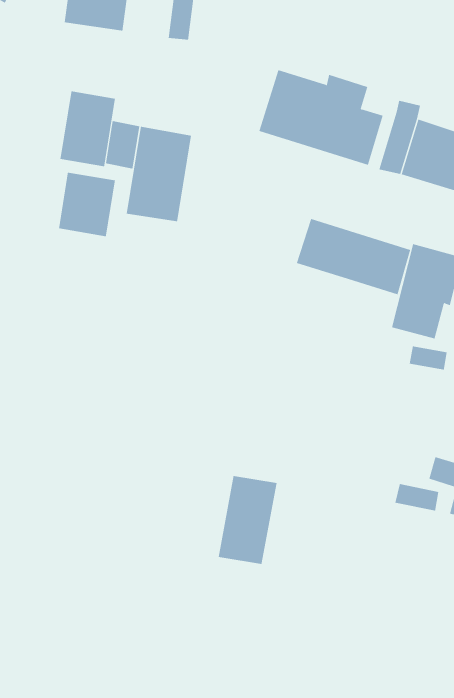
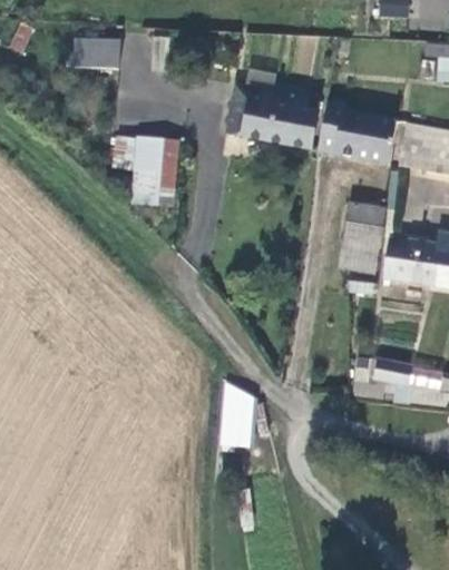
building: [60,91,116,167] -> none
building: [58,172,116,237] -> none
building: [296,218,411,295] -> none

